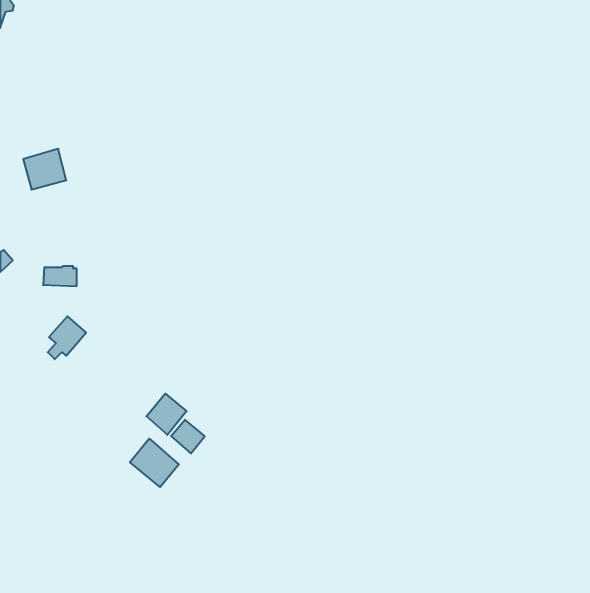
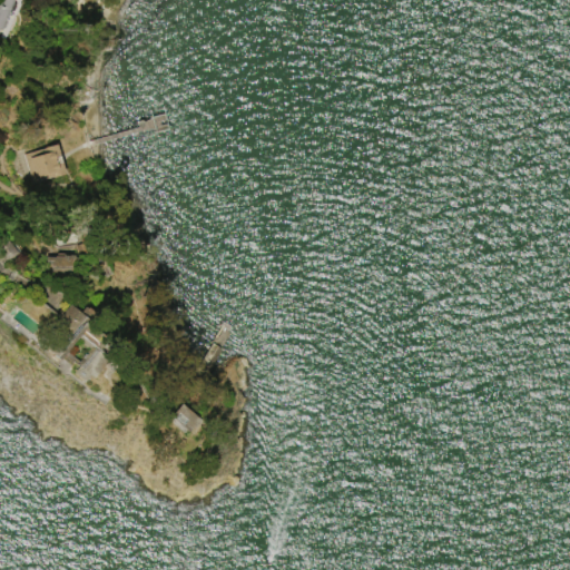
building: [146,394,187,435] -> none
building: [130,439,179,487] -> none

